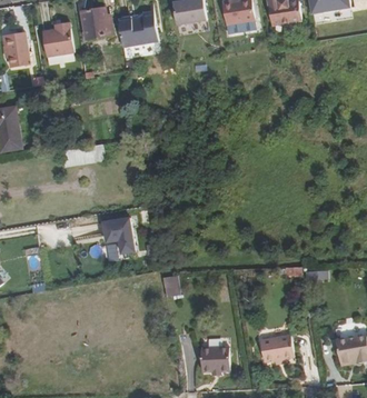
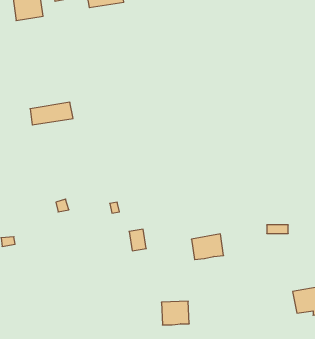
building: [101,217,133,257] -> none
building: [258,336,291,362] -> [191,234,224,260]

